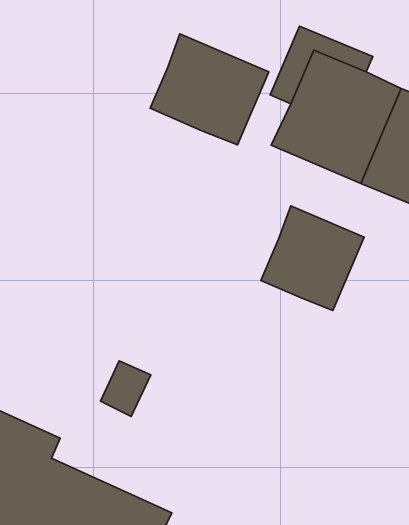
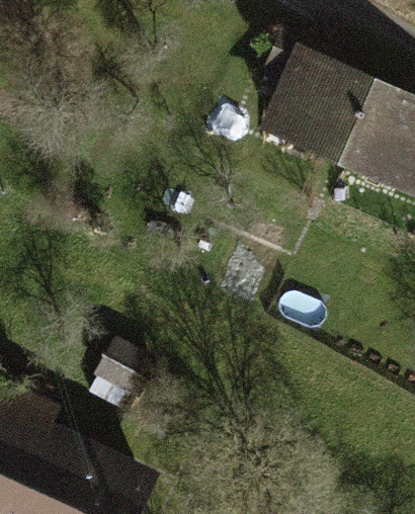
building: [150,34,269,145] -> none
building: [261,206,364,310] -> none

